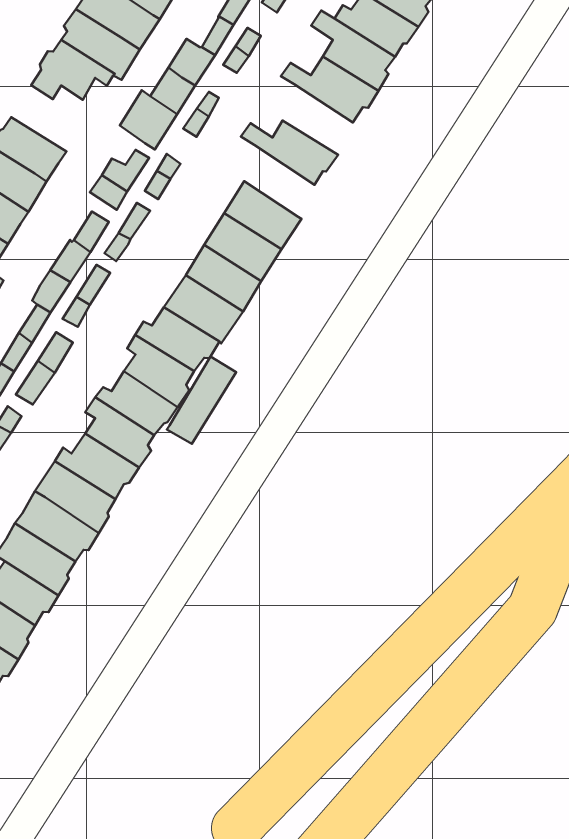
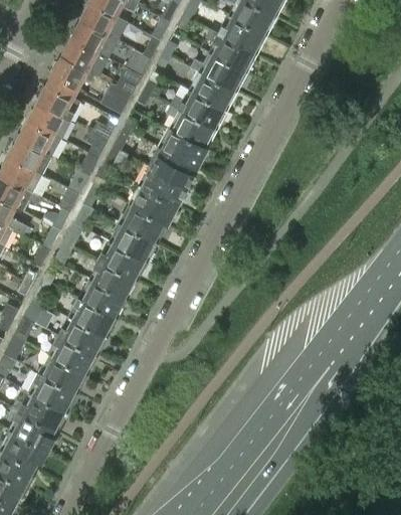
building: none -> [193,70,233,109]
building: none -> [38,81,81,119]
building: none -> [166,103,214,146]
building: [167,356,236,444] -> none

